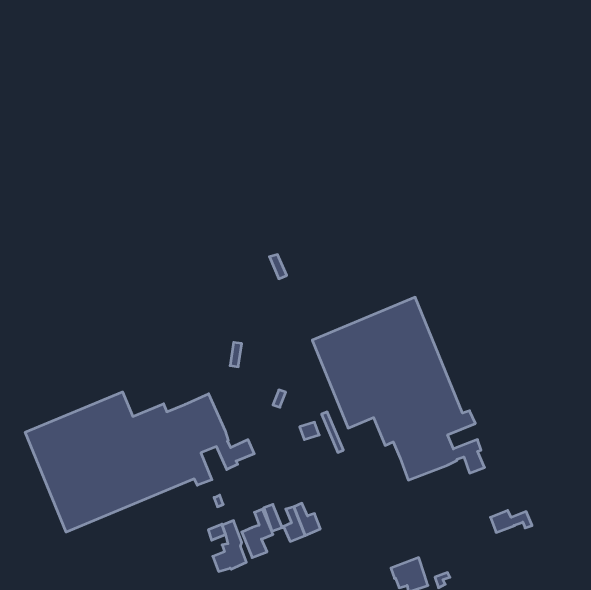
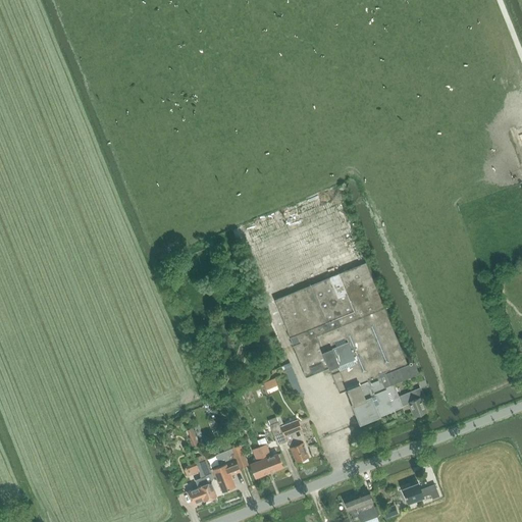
building: [25,392,254,532] -> none
building: none -> [268,418,309,463]
building: [490,510,532,532] -> [403,484,439,504]

